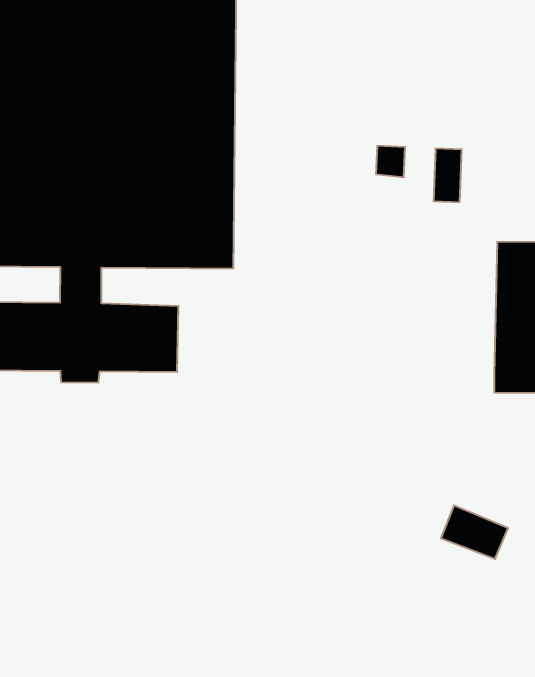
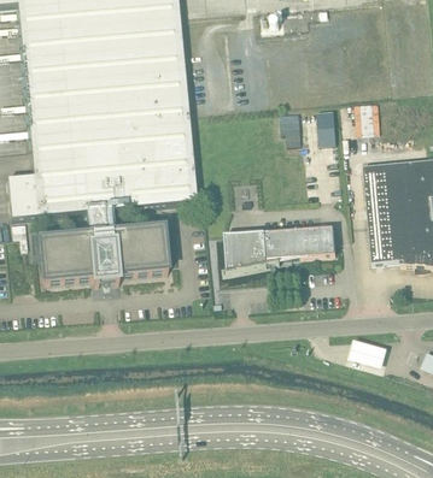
building: none -> [222,225,335,273]

